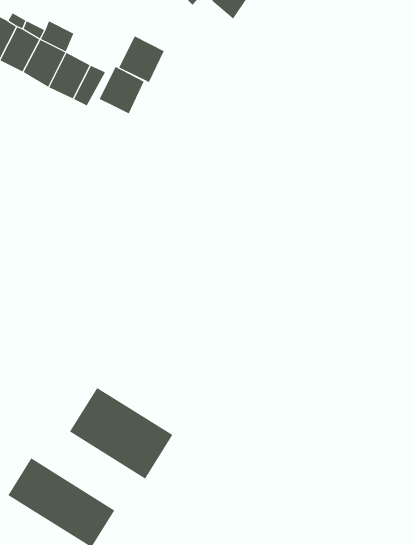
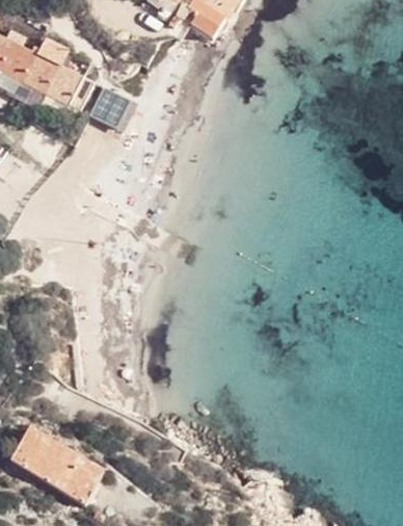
building: [118,35,165,83] -> none
building: [69,387,173,479] -> none

